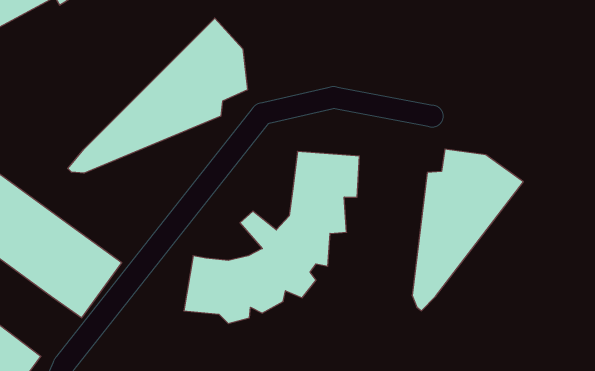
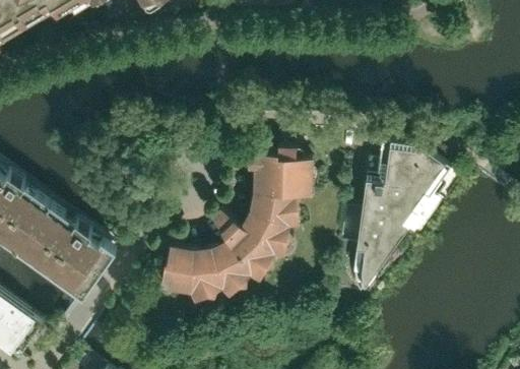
building: [68,18,247,173] -> none

